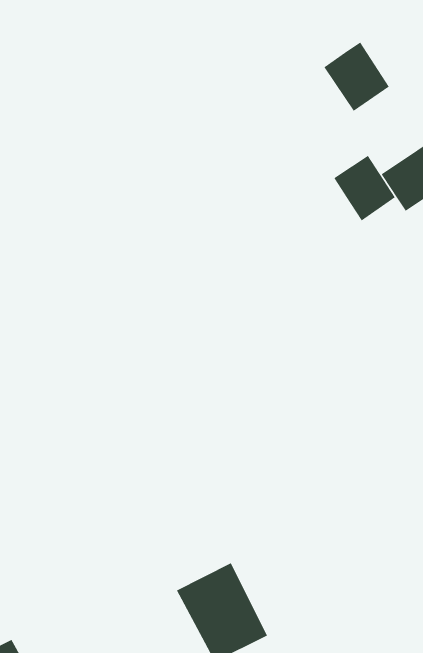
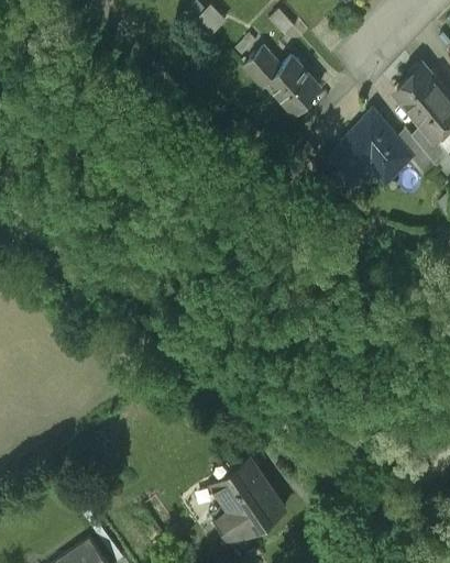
building: none -> [245,43,282,80]
building: [334,155,396,221] -> none

